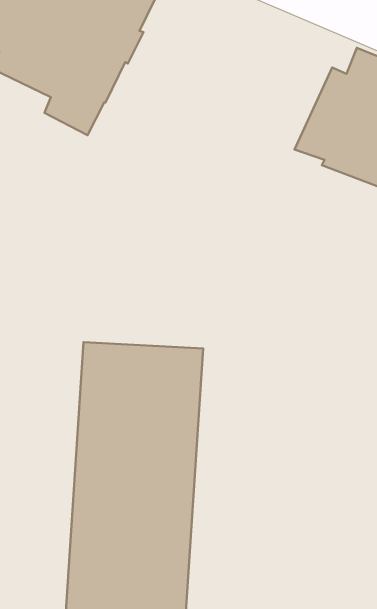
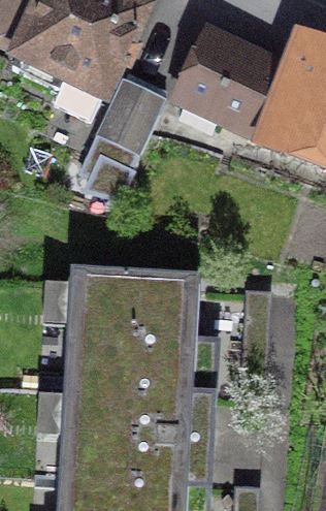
building: none -> [183,38,281,128]
building: none -> [83,75,167,194]

